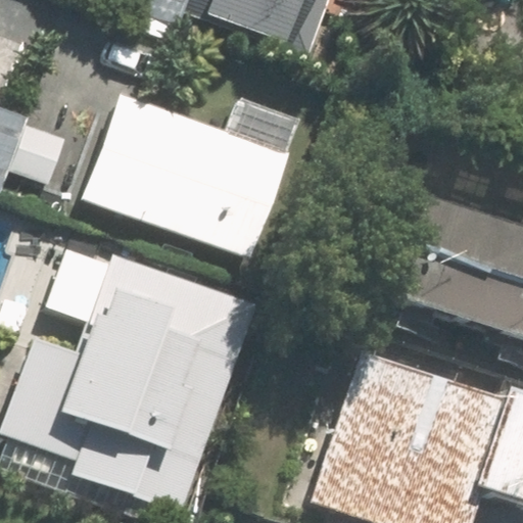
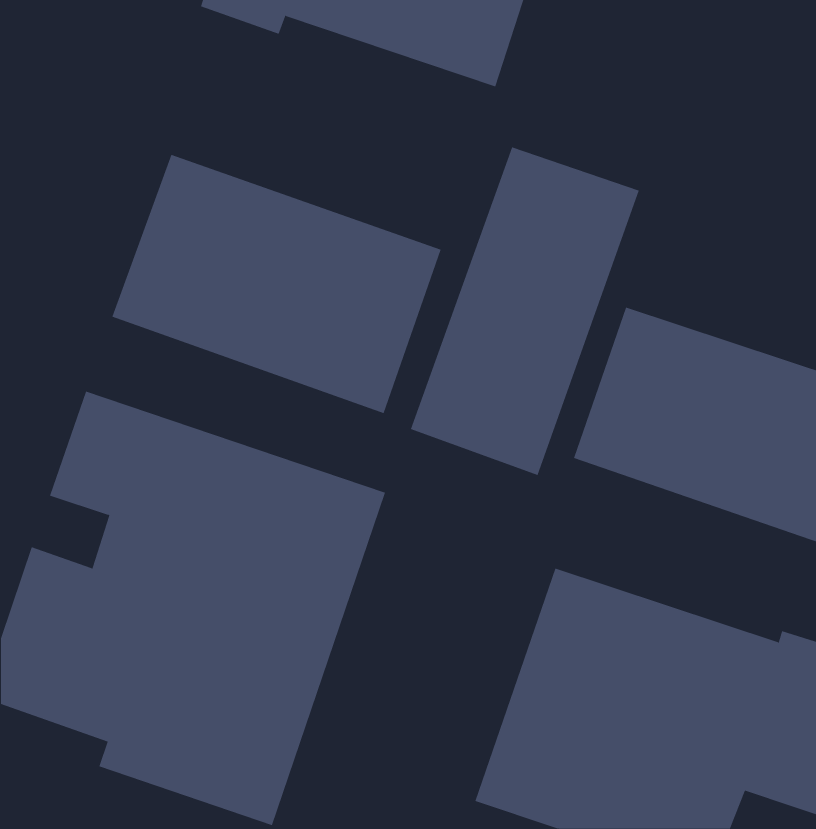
building: none -> [410,146,639,476]

